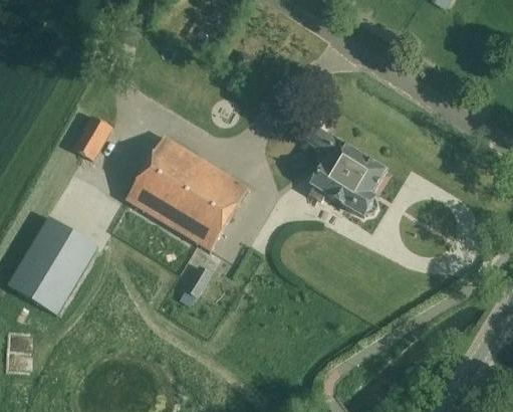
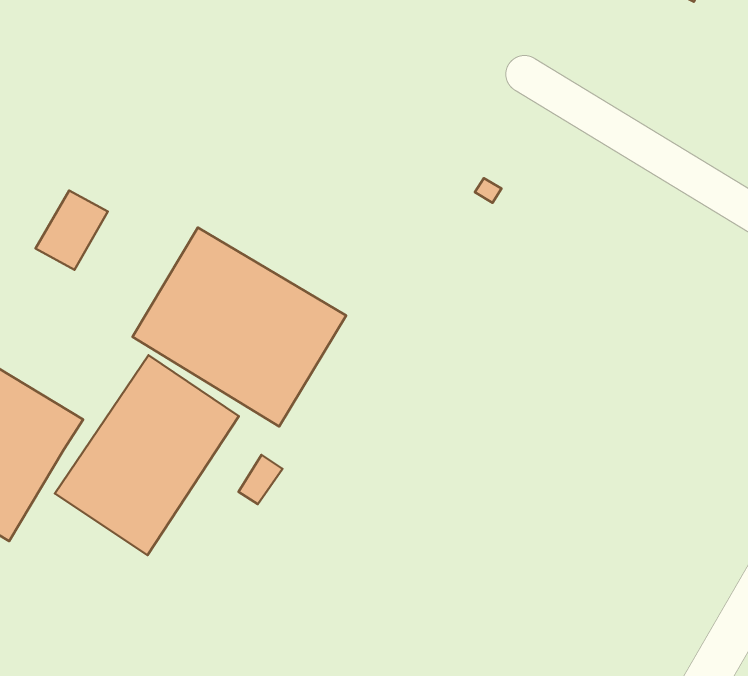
building: [305,126,386,216] -> none
building: none -> [55,355,239,555]

